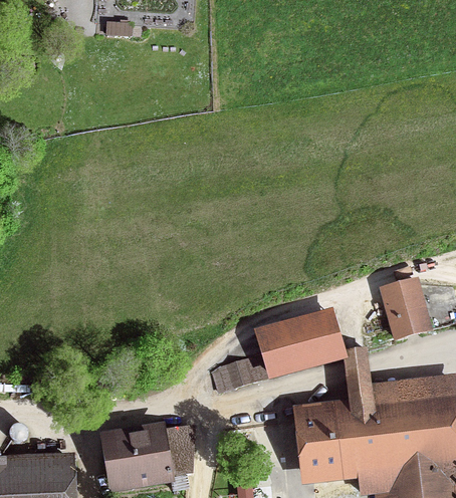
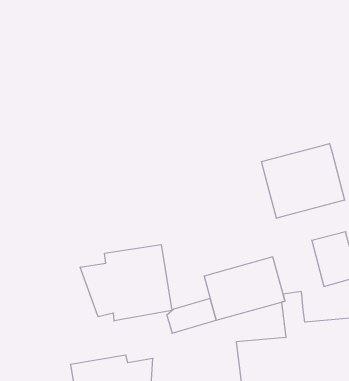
building: none -> [261,144,345,218]
building: none -> [80,245,172,321]

